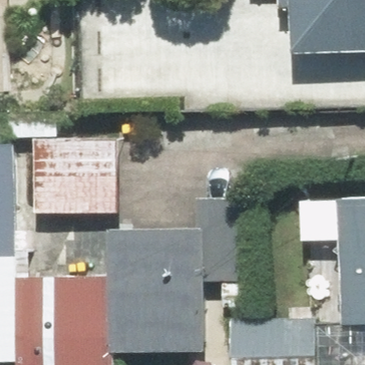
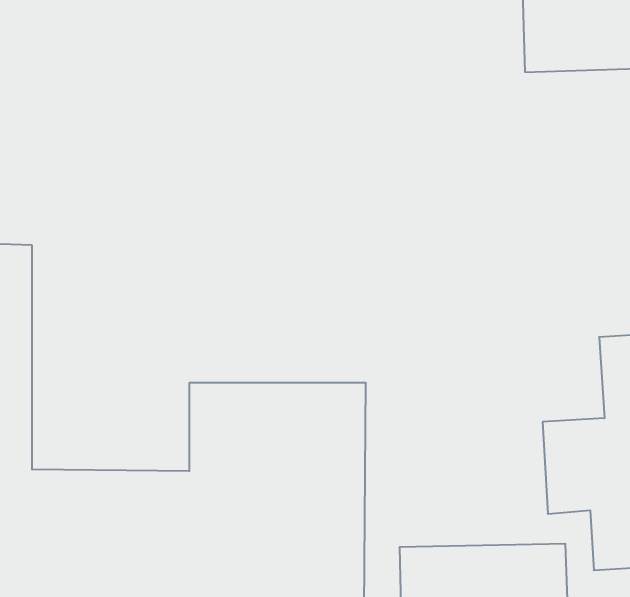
building: [28,137,115,213] -> none

